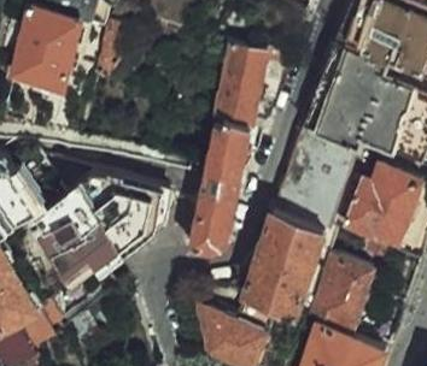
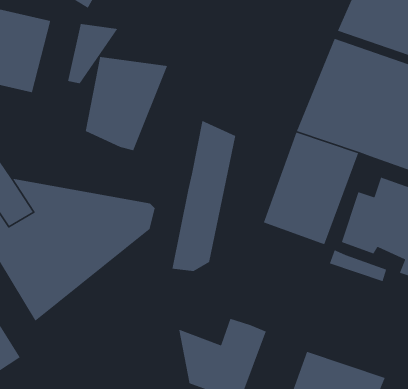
building: [217,46,293,132] -> [85,56,168,151]
building: [242,208,326,313] -> none
building: [308,258,374,335] -> none

